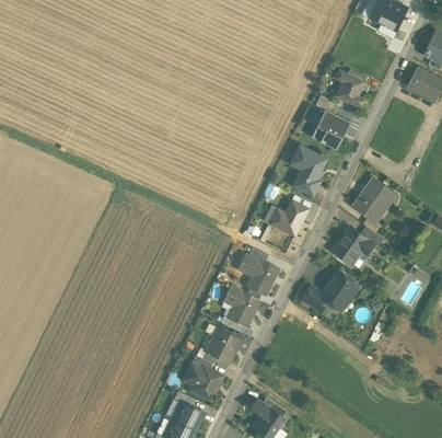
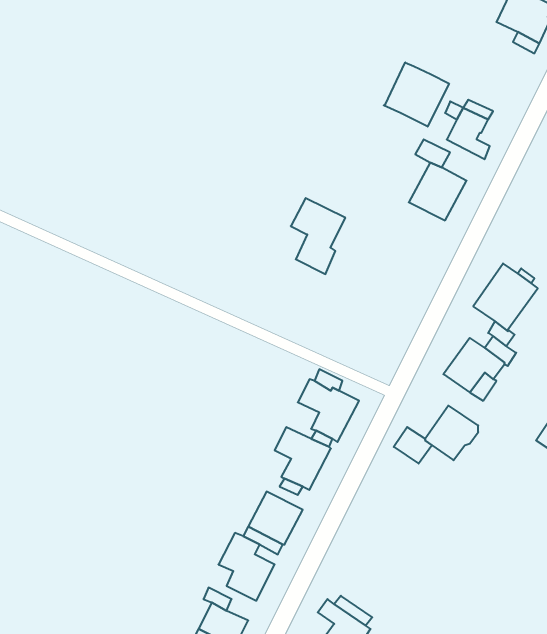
building: none -> [384,62,449,127]
building: [289,146,325,196] -> [291,198,345,274]
building: [268,200,306,237] -> none

